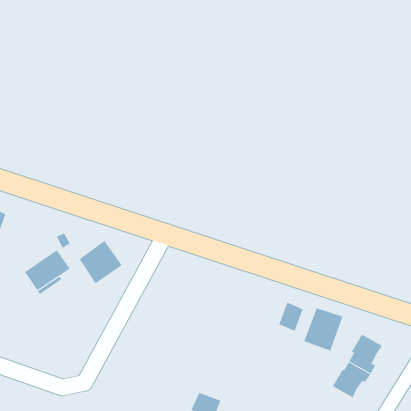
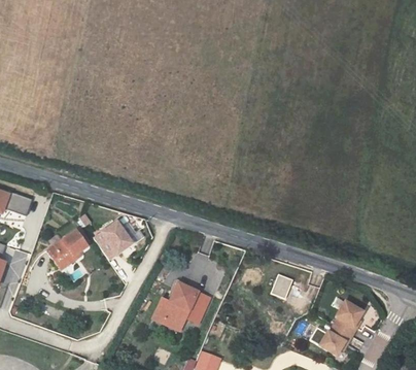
building: [304,307,343,351] -> none
building: none -> [152,280,209,331]

